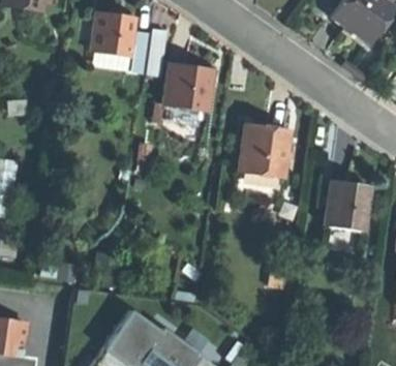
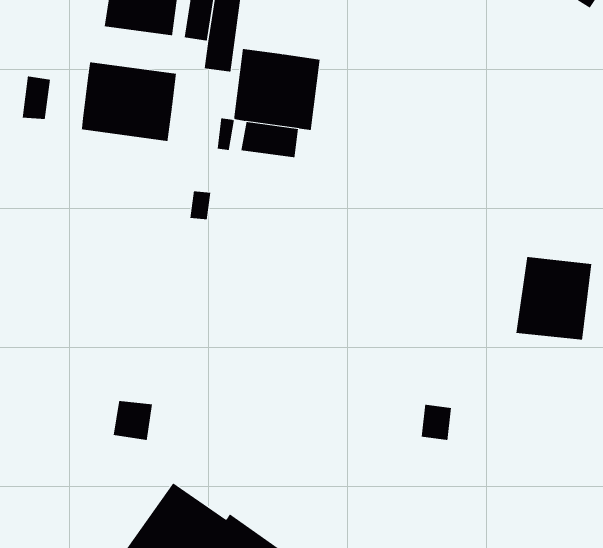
building: none -> [81,61,176,142]
building: [237,121,292,180] -> none

